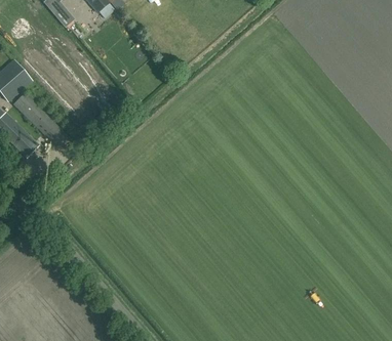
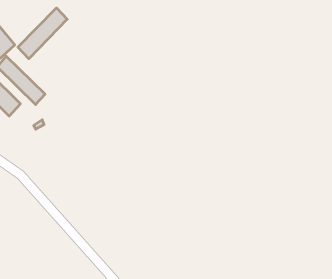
building: none -> [18,8,67,59]

